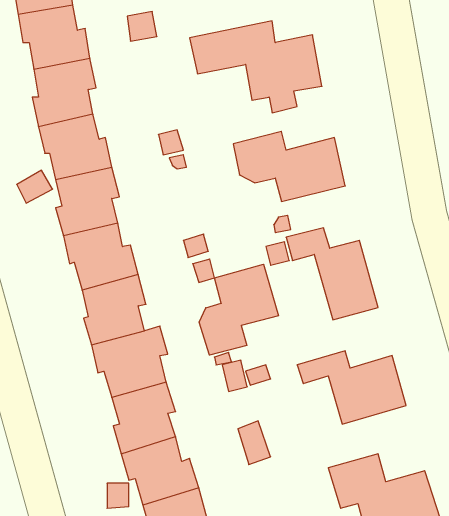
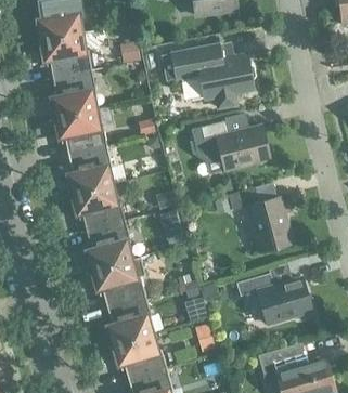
building: [199,264,278,355] -> none

